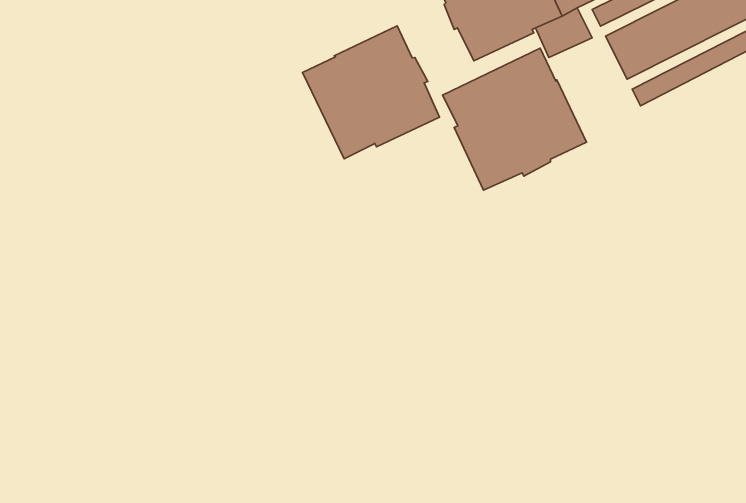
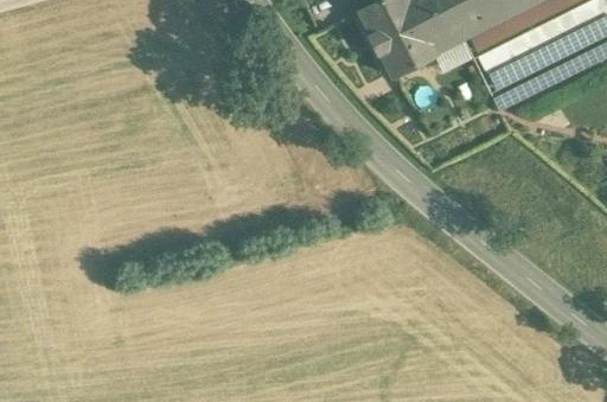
building: [302,26,439,159] -> none
building: [442,48,586,190] -> none

